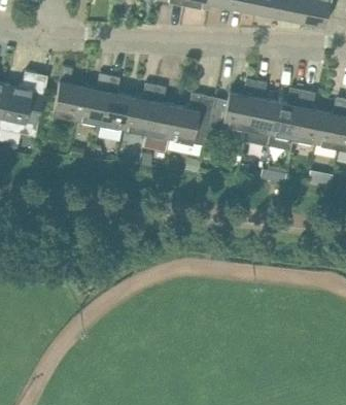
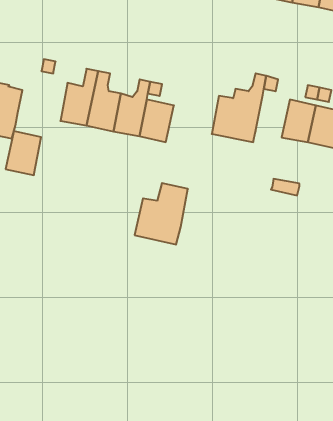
building: [51,82,82,121] -> [6,131,41,175]
building: [168,94,214,147] -> [135,183,188,245]
building: [246,98,276,135] -> none

